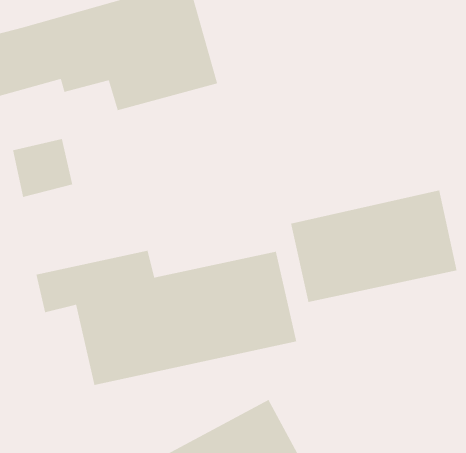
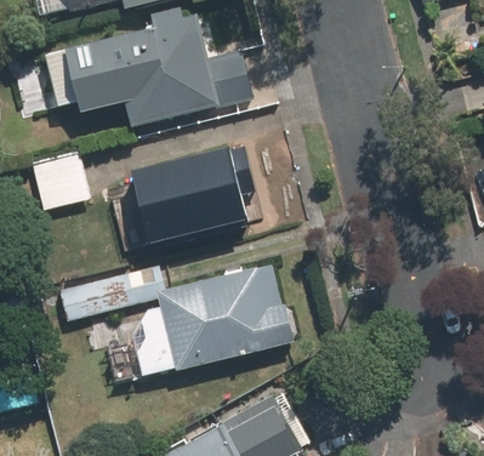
building: none -> [107,148,274,261]
building: [290,190,457,303] -> none

